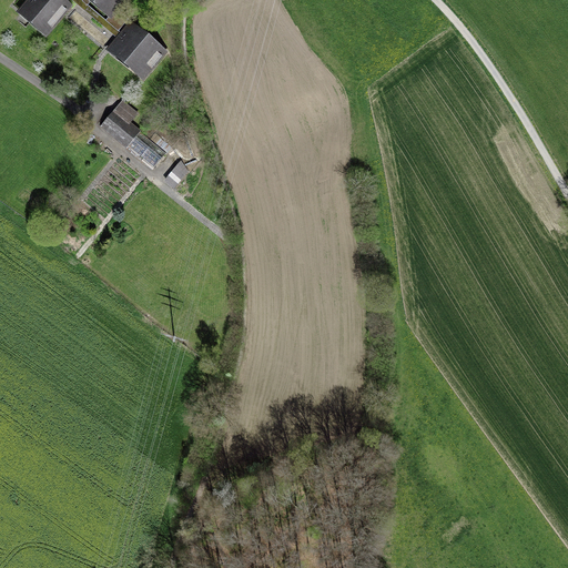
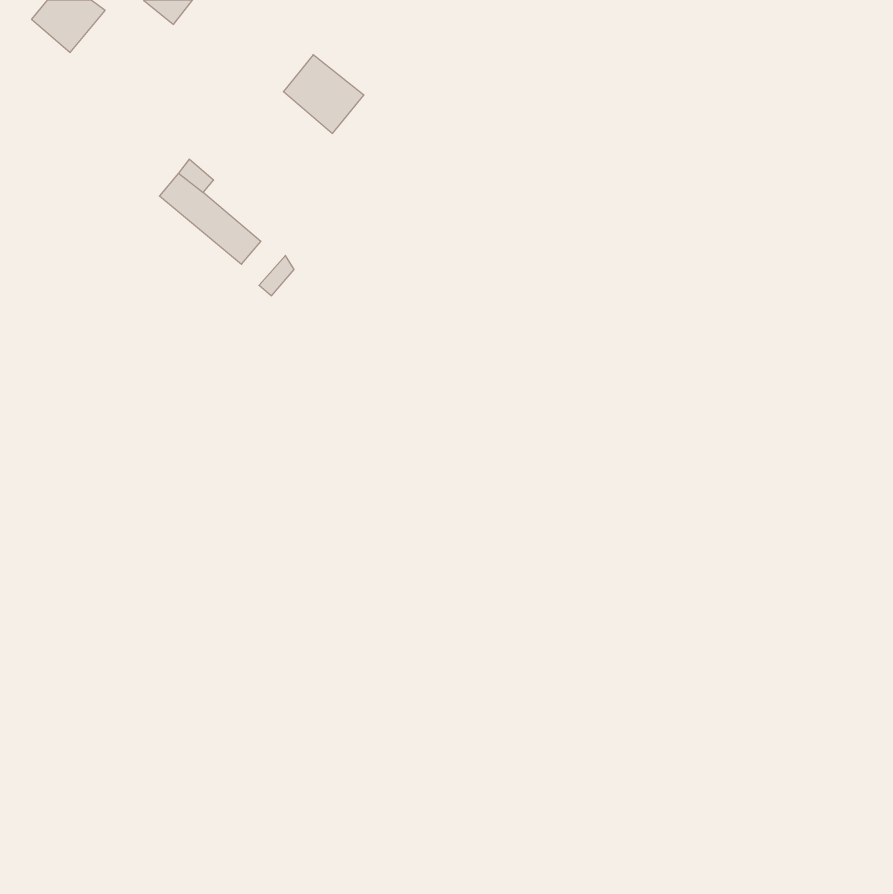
building: [110,27,161,77] -> [283,55,364,133]

